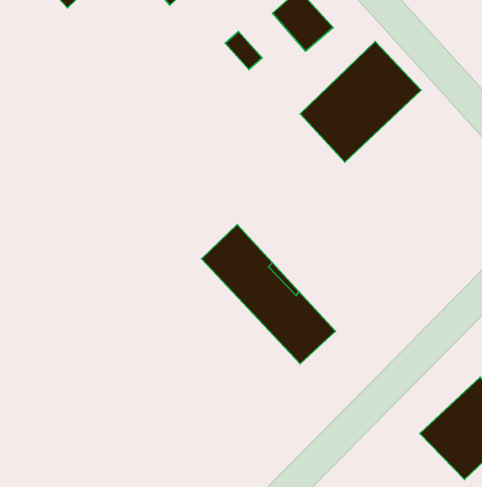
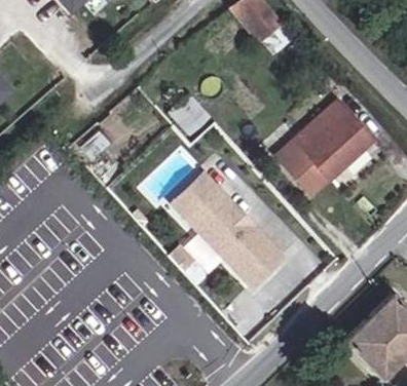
building: [300,41,421,162] -> [276,104,371,198]

